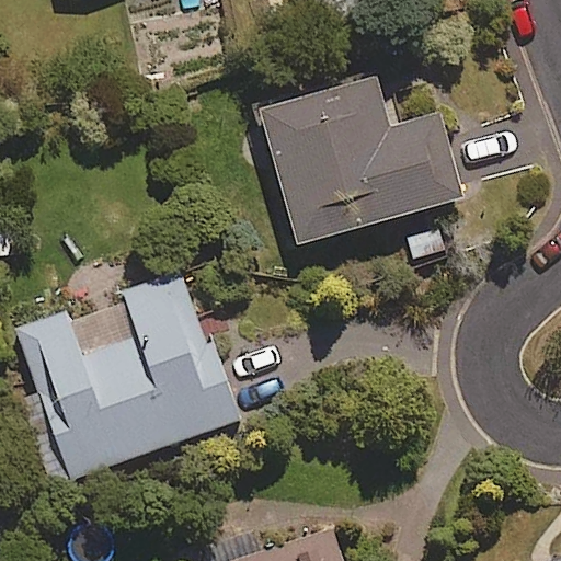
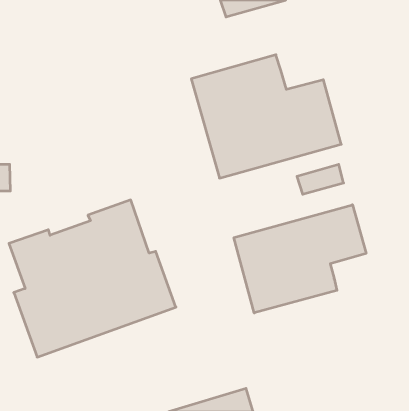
building: none -> [234,205,366,313]

